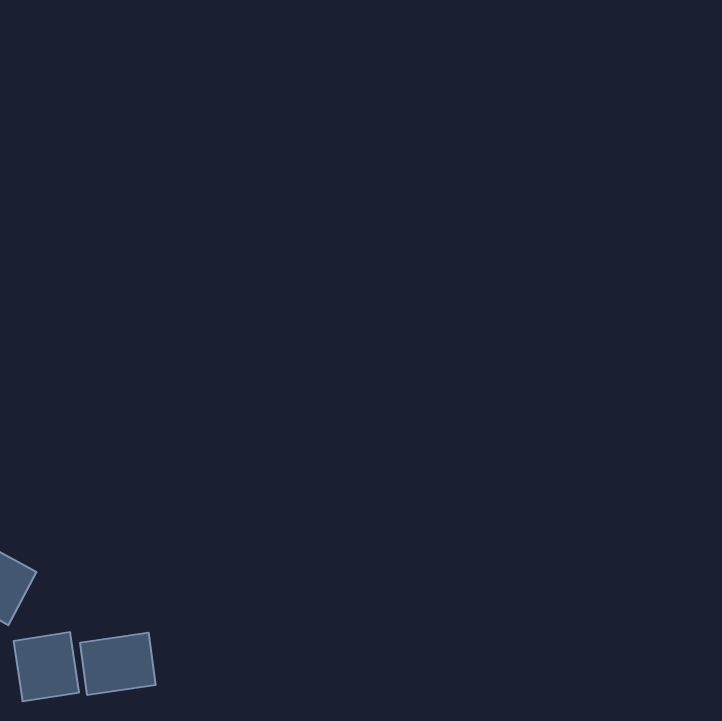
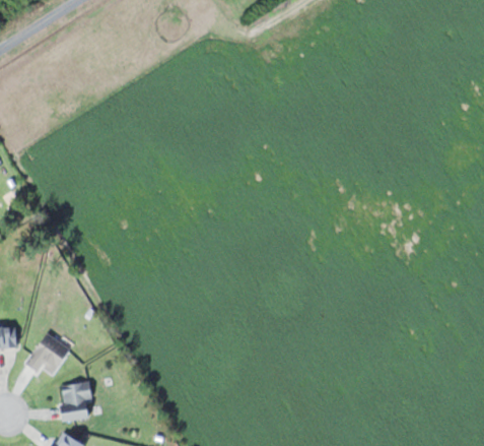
building: [80,633,156,695] -> none

